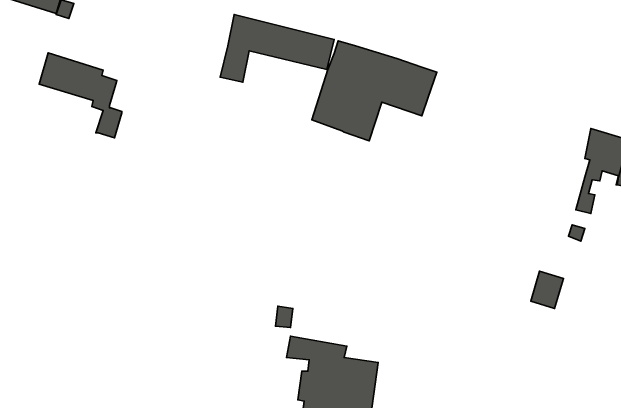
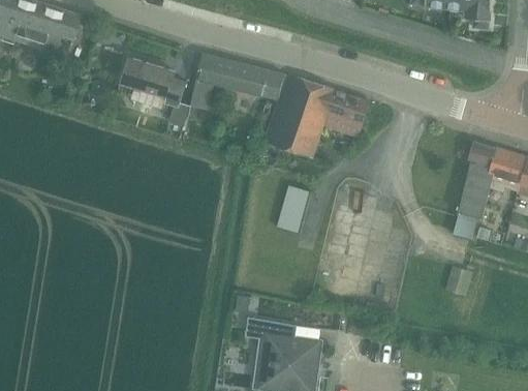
building: [39,53,122,138] -> [121,56,189,126]
building: none -> [452,141,495,239]
building: none -> [276,184,309,233]

